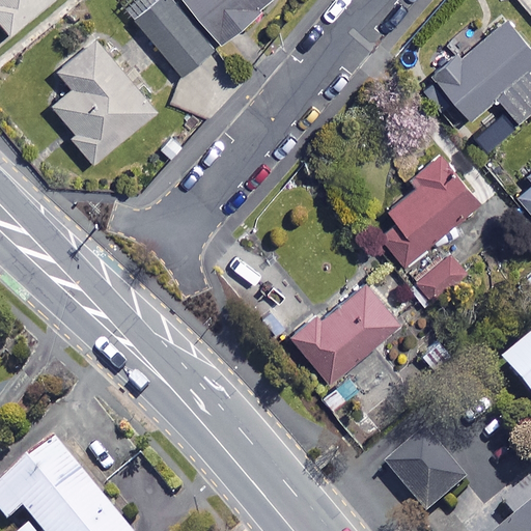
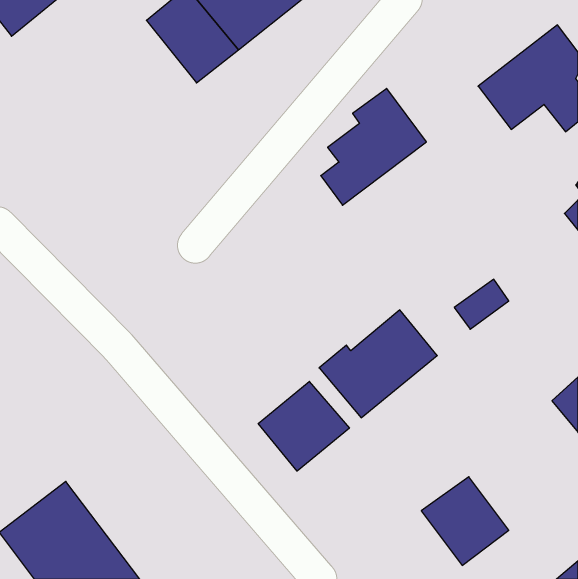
building: [53,38,156,162] -> none
building: [382,155,478,261] -> [321,88,426,205]
building: none -> [258,381,349,471]

